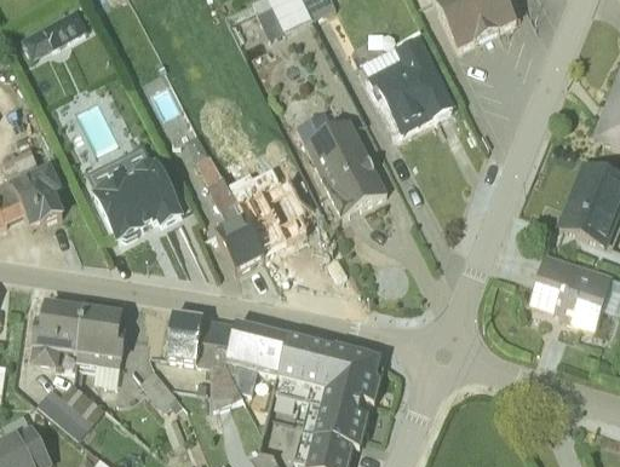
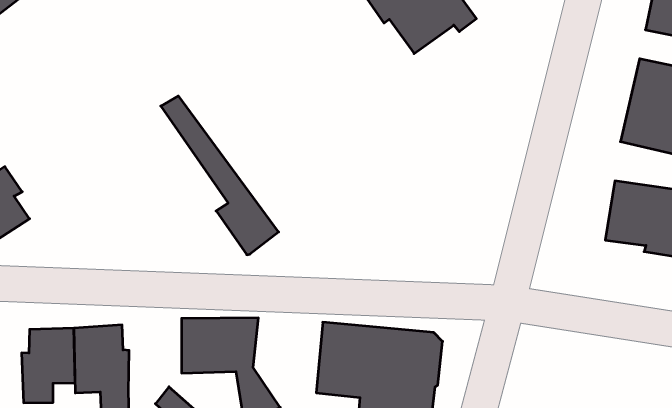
building: [297,110,386,215] -> none
building: [86,144,185,241] -> none
building: [225,323,288,397] -> none

